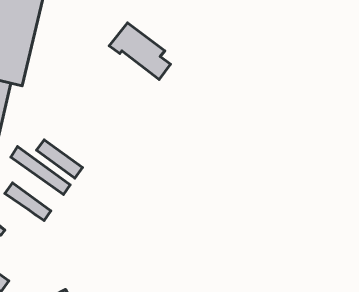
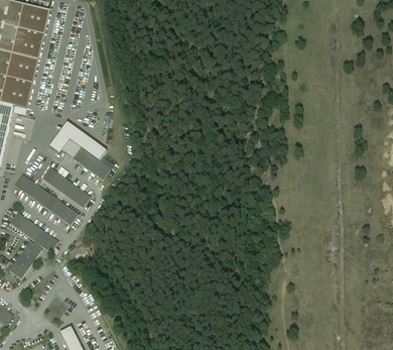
building: [109,23,171,80] -> [47,119,112,179]
building: none -> [7,239,39,276]

